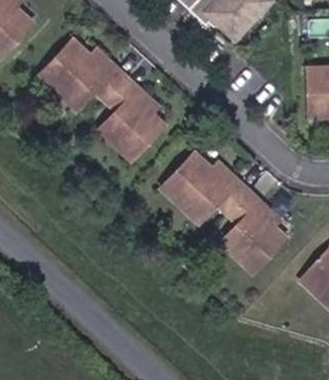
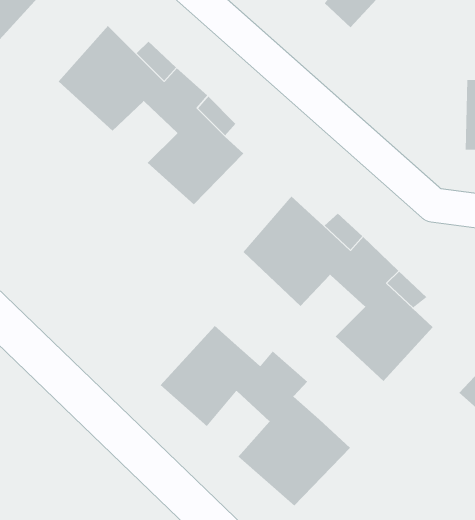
building: none -> [160,325,351,506]

